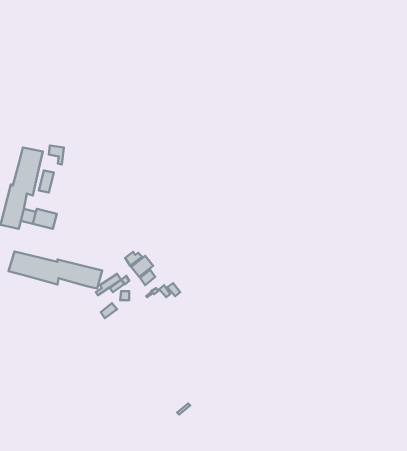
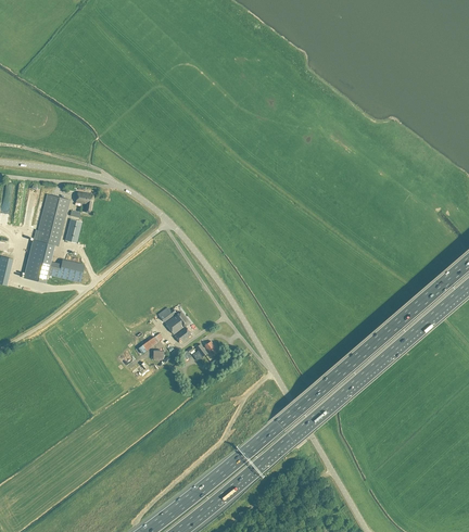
building: [8,251,102,289] -> none

